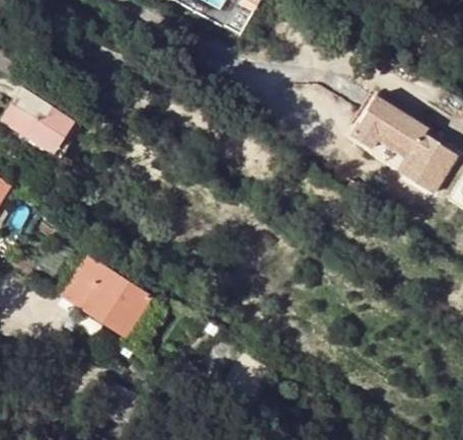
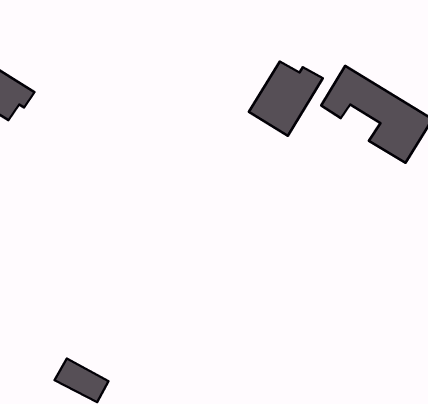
building: none -> [249,61,323,136]
building: [63,258,151,338] -> none

